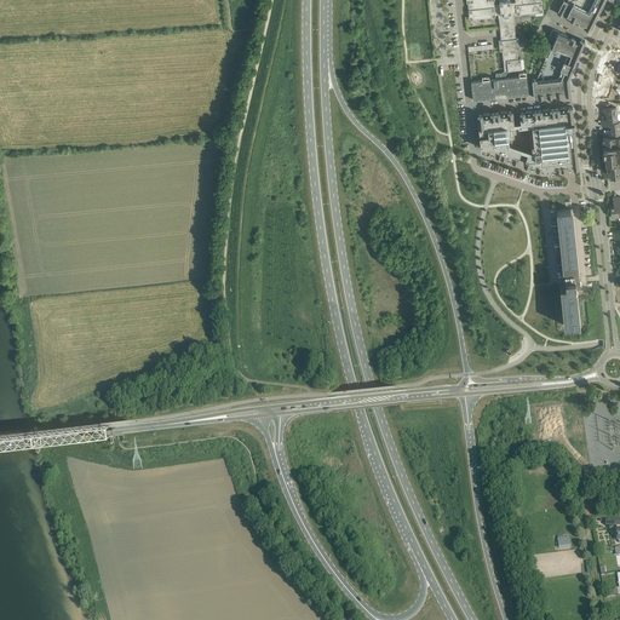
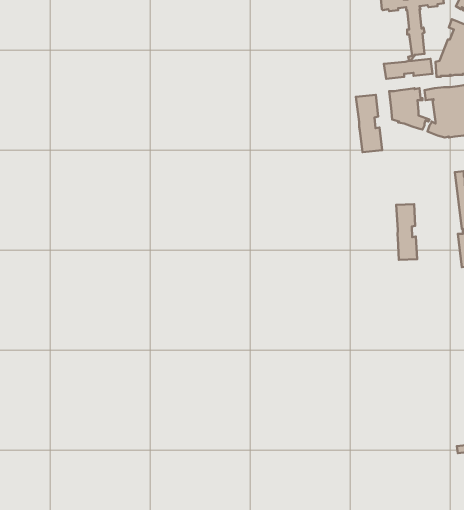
building: none -> [356,95,382,152]
building: none -> [396,204,417,260]

